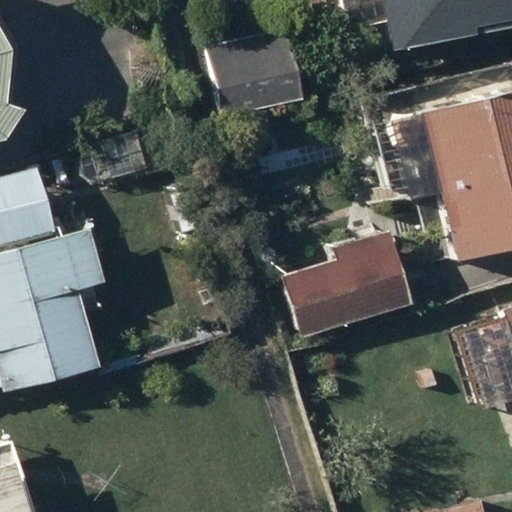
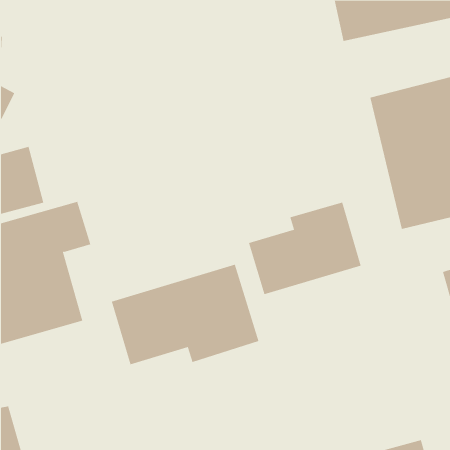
building: [208,31,297,115] -> none
building: none -> [111,264,259,365]

